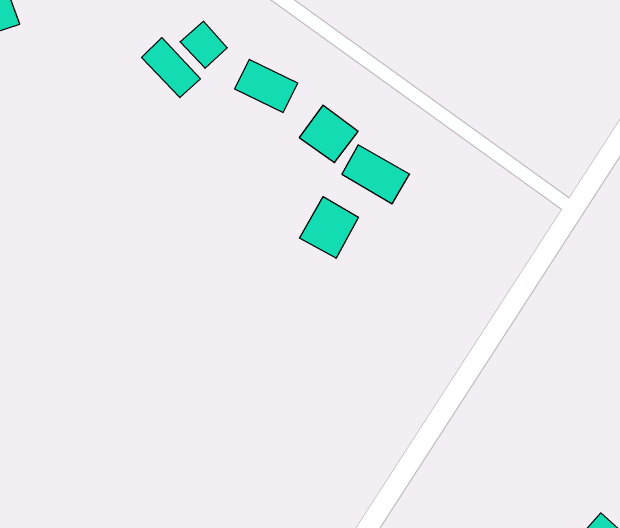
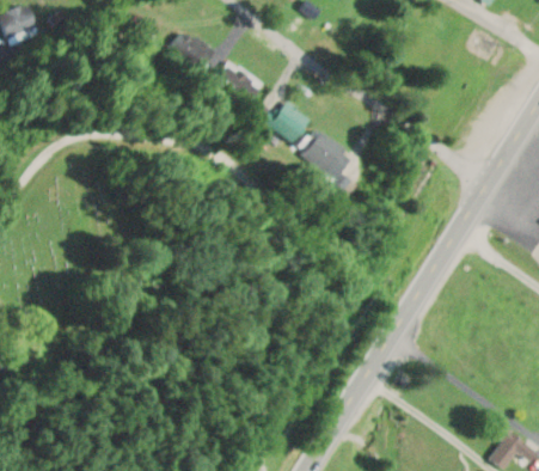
building: [142,38,200,98] -> none
building: [299,197,358,258] -> none

